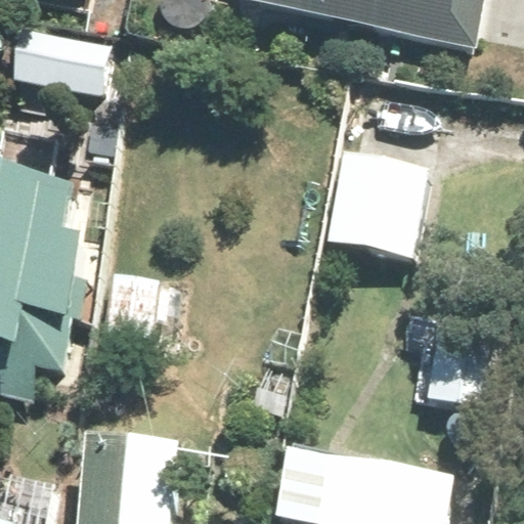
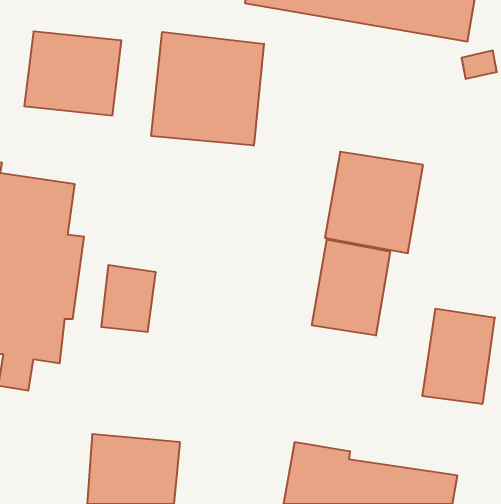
building: none -> [151,32,264,146]
building: none -> [312,239,390,336]

